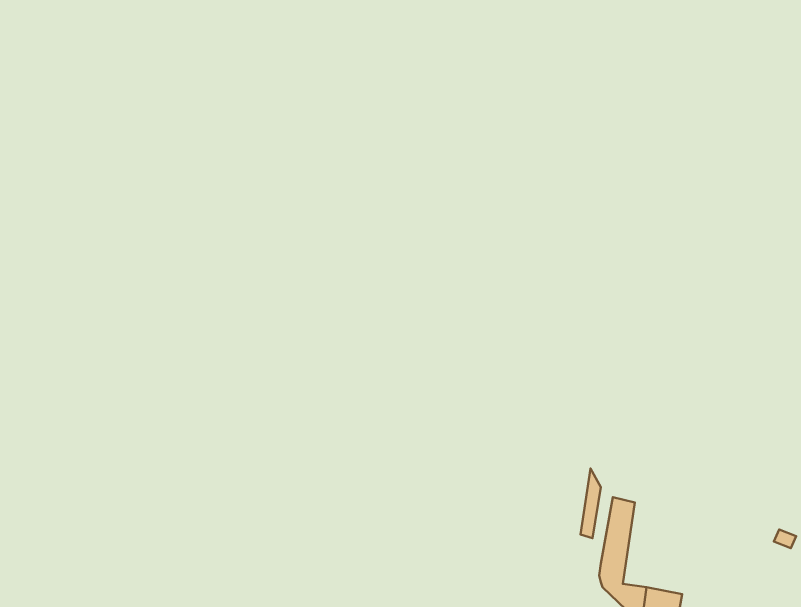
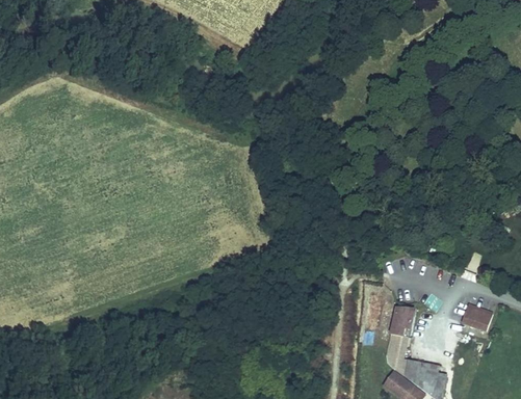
building: none -> [461,303,492,329]

